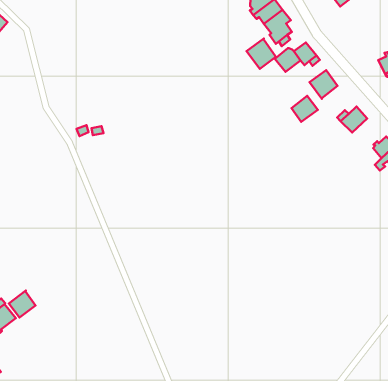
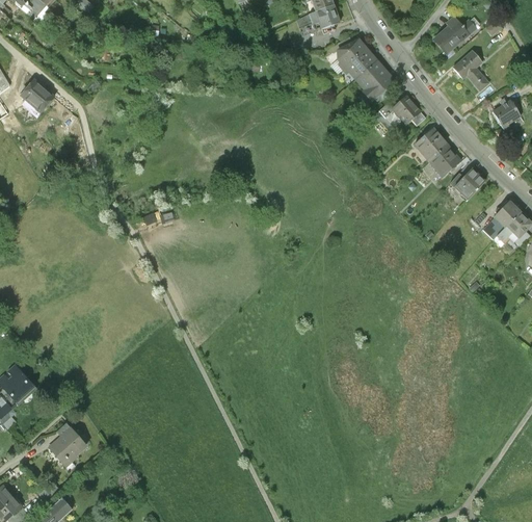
building: none -> [452,52,487,92]
building: [247,38,276,69] -> none
building: [291,96,318,122] -> [429,146,460,177]
building: [9,291,35,318] -> none

